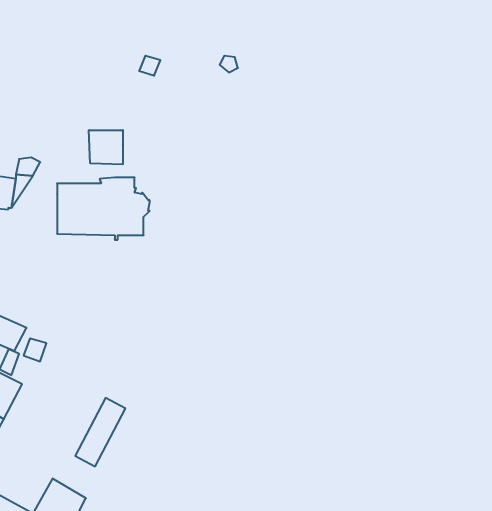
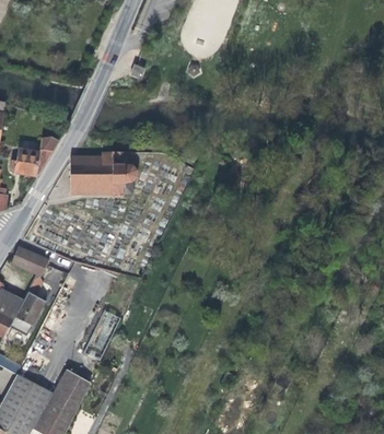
building: [89,130,123,164] -> none

